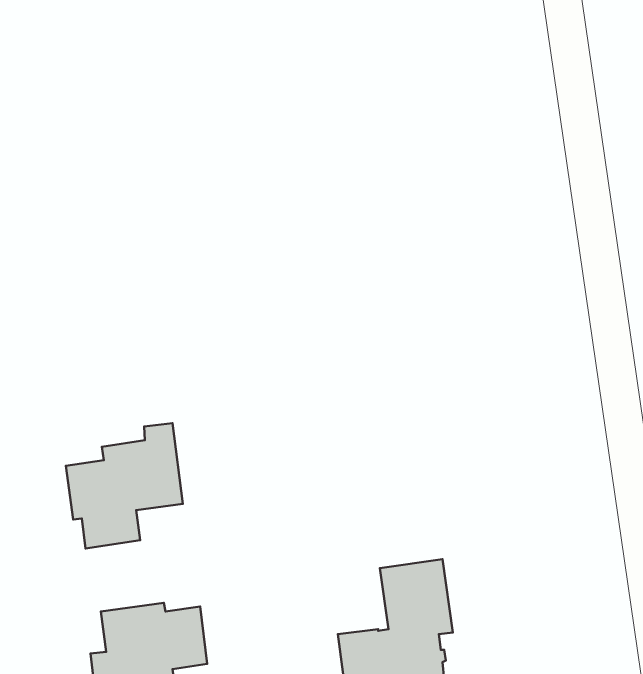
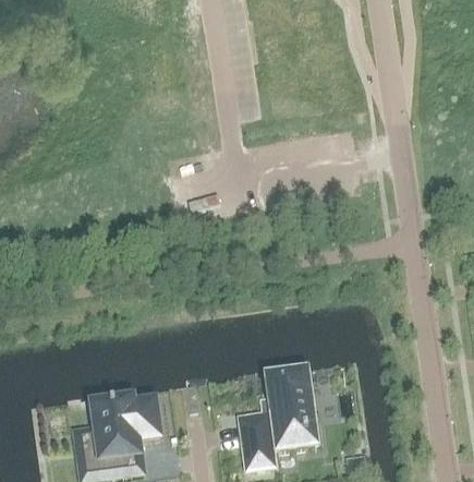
building: [66,423,183,548] -> none

